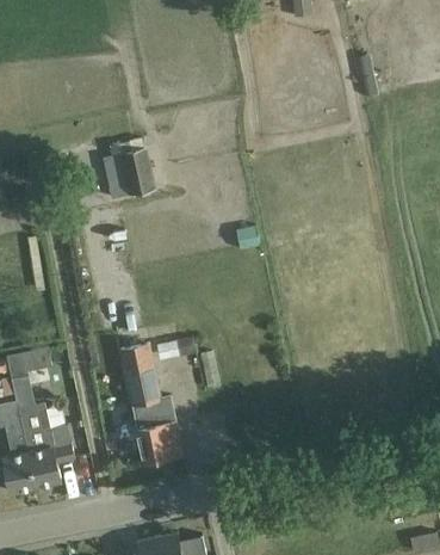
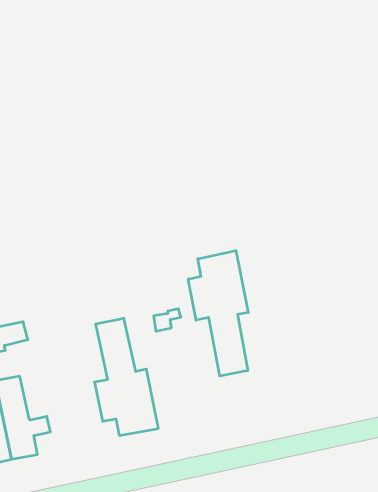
building: [101,147,155,199] -> none
building: none -> [188,250,248,376]

